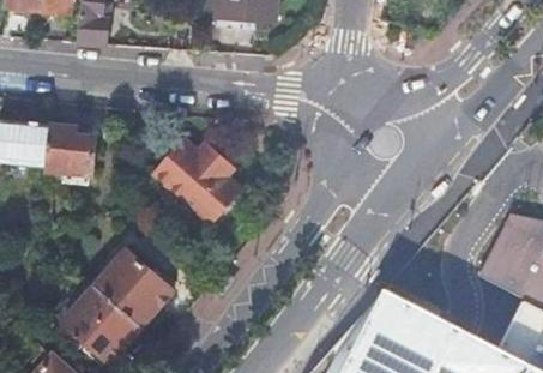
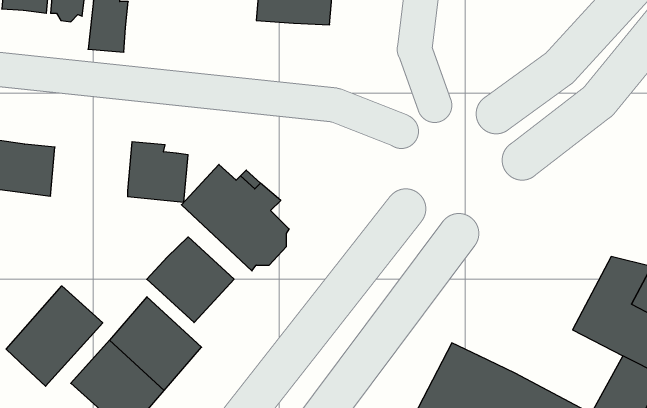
building: [44,124,95,174] -> [128,142,188,202]
building: none -> [147,237,234,323]
building: none -> [6,286,103,386]

